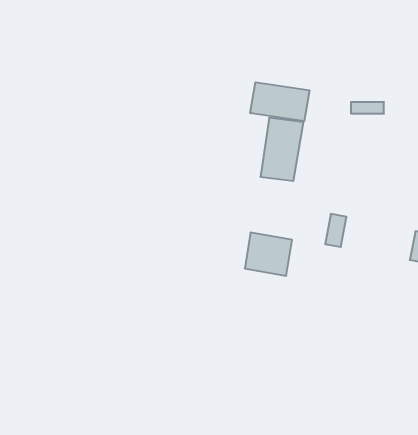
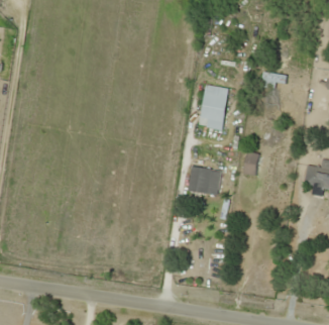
building: [250,82,309,121] -> none

